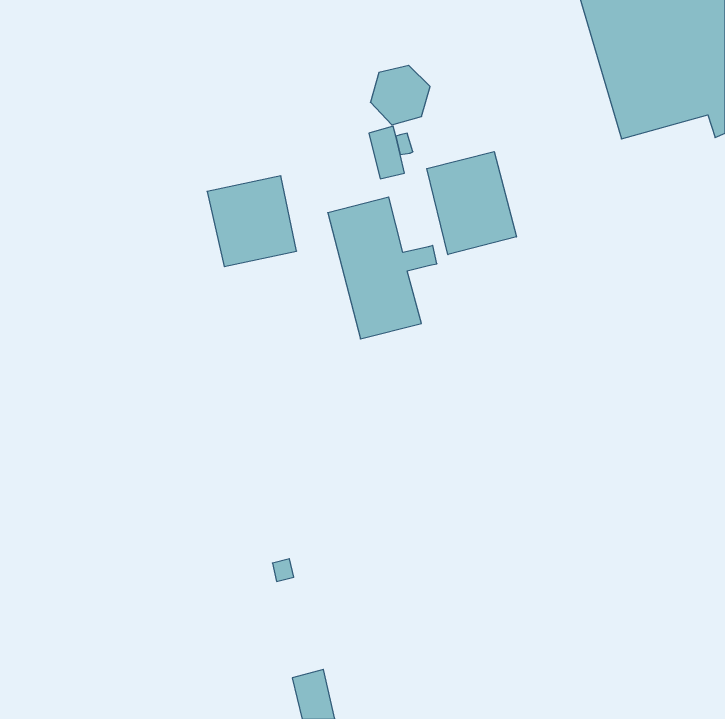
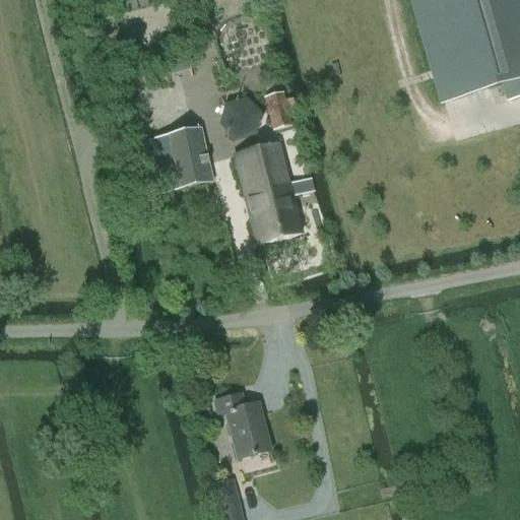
building: [370,65,430,125] -> [219,96,262,139]
building: [427,152,516,255] -> none
building: none -> [215,392,270,457]

